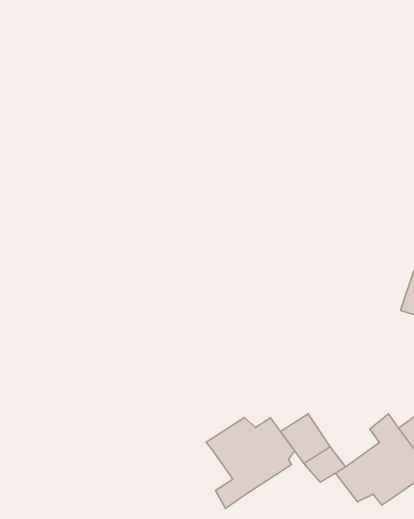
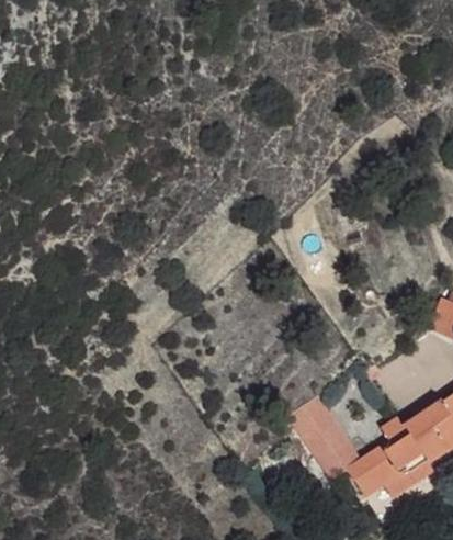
building: [206,418,295,508] -> none

